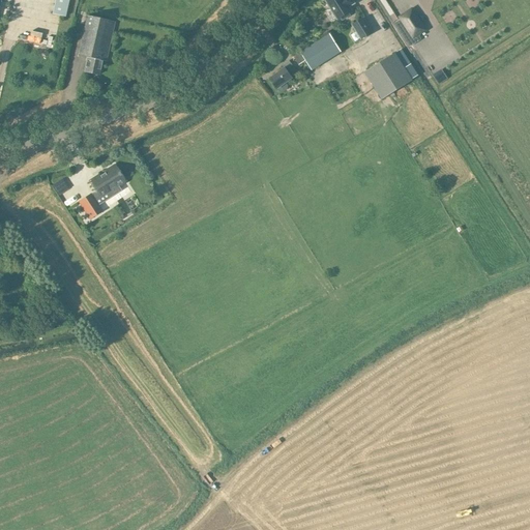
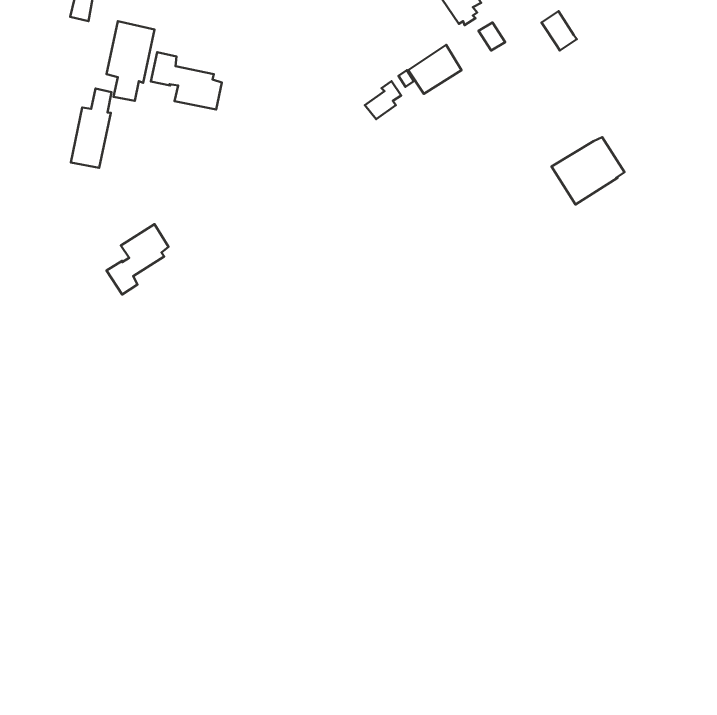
building: none -> [151,52,222,110]
building: [364,49,418,98] -> [552,137,625,204]
building: none -> [71,89,112,168]

